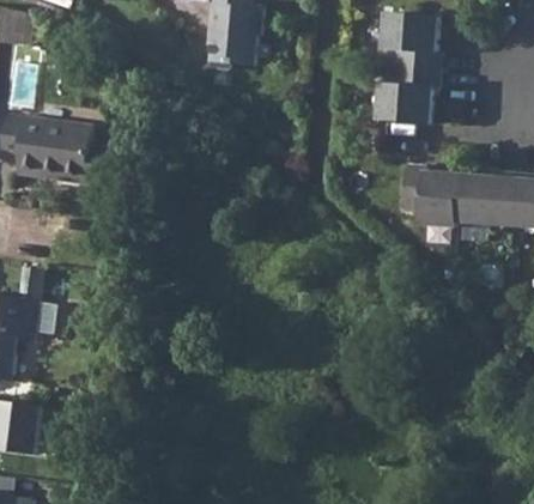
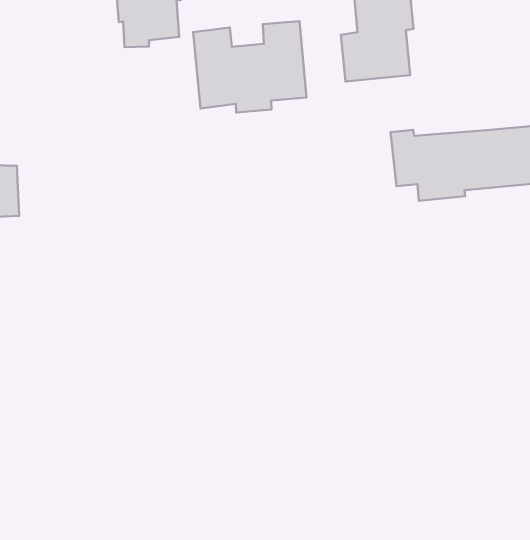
building: none -> [193,21,307,113]

